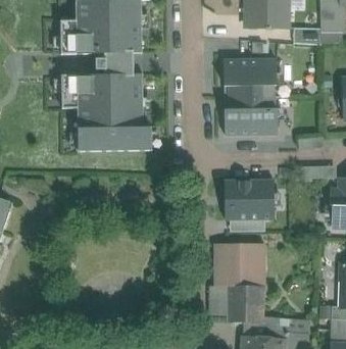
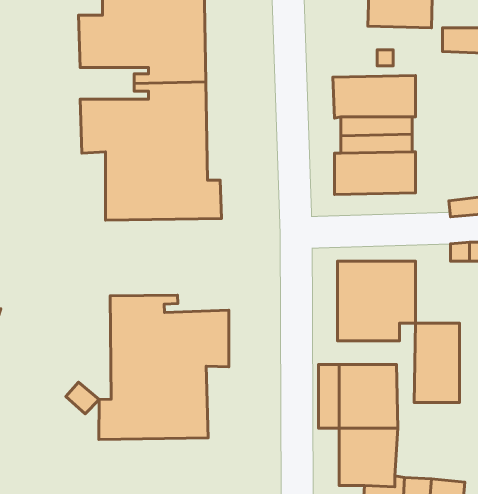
building: none -> [99,295,229,440]
building: none -> [414,323,460,402]
building: [211,285,228,320] -> none

